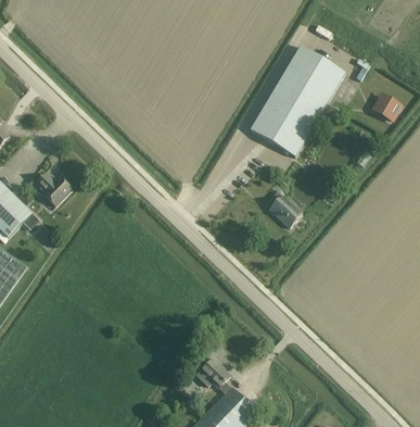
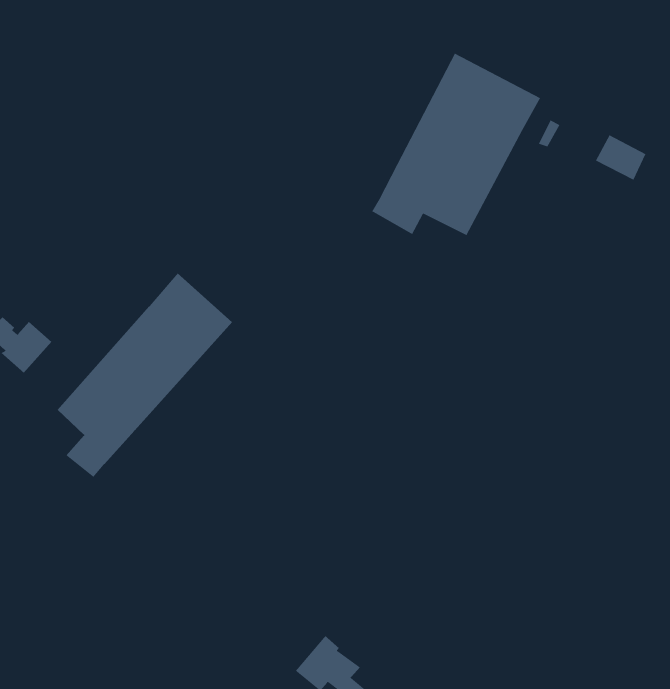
building: none -> [39,273,233,478]
building: [267,189,302,228] -> none

